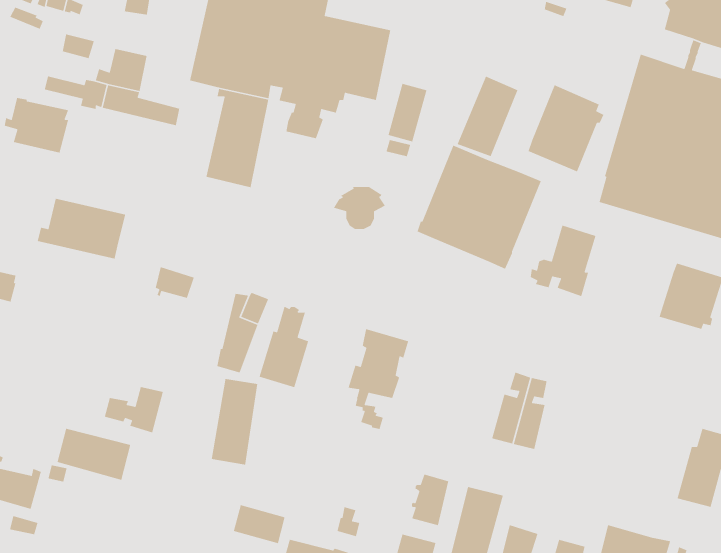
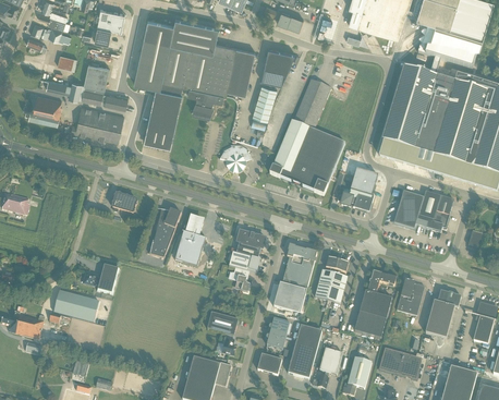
building: none -> [260,46,294,83]
building: [528,84,605,172] -> none
building: [37,198,126,260] -> [70,105,123,142]
building: none -> [393,190,423,228]
building: none -> [273,244,316,312]
building: [211,378,258,465] -> none
building: none -> [354,269,395,337]
building: none -> [395,278,424,314]
building: [233,504,286,544] -> [206,311,238,335]

